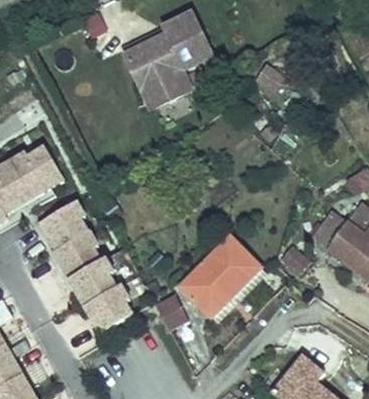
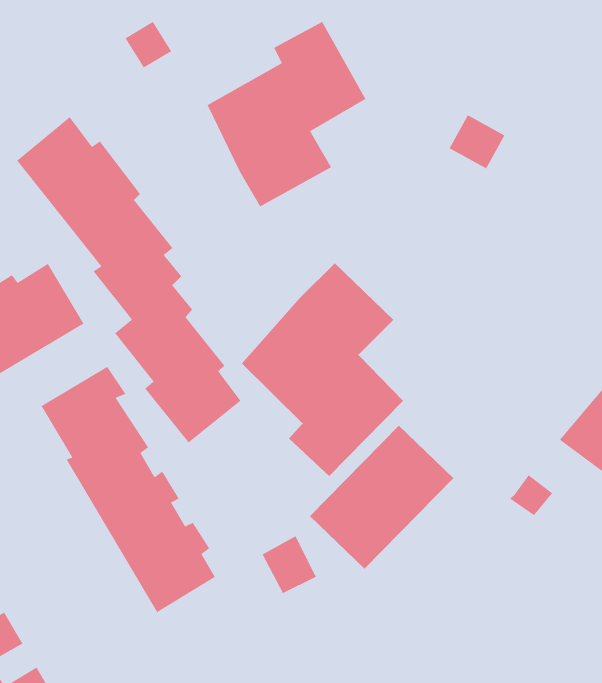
building: none -> [16,116,242,443]
building: none -> [241,262,404,477]

